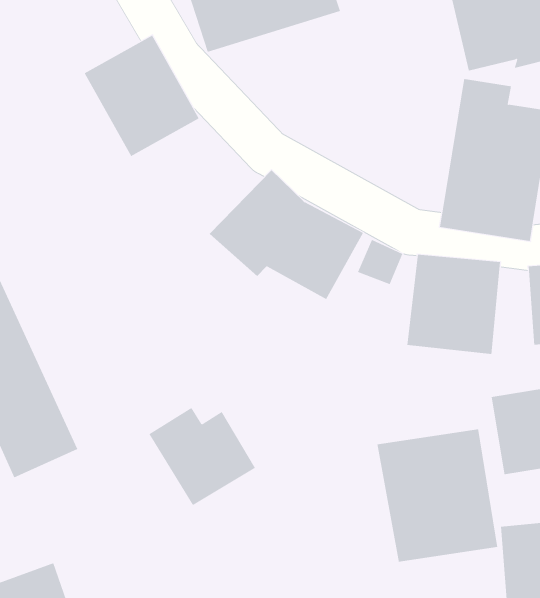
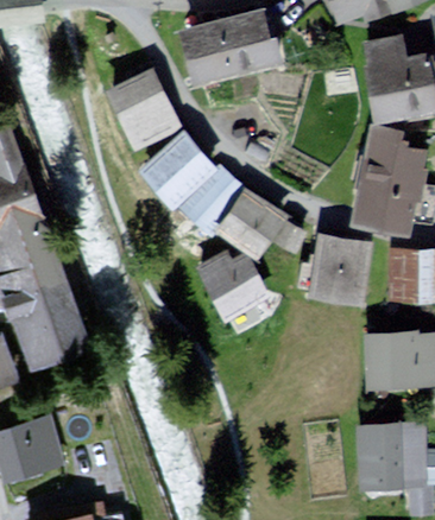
building: none -> [135,131,216,210]
building: [149,407,256,506] -> [198,258,269,324]
building: [377,428,498,563] -> none

